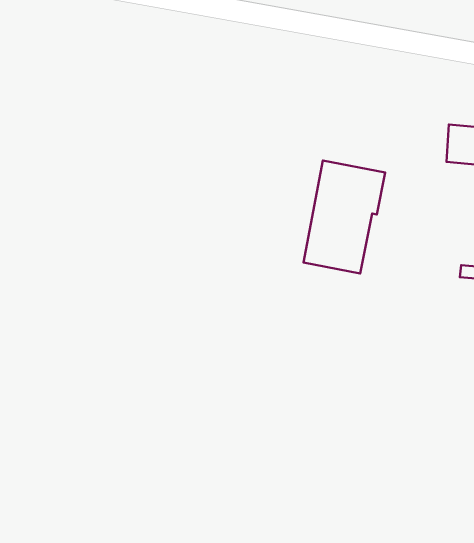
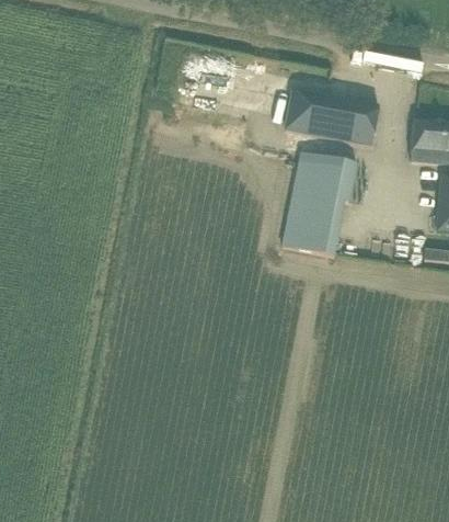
building: none -> [285,91,378,146]

